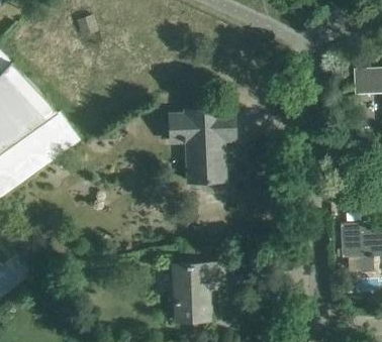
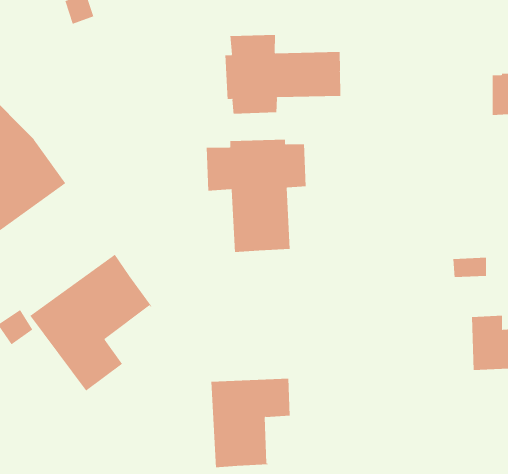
building: none -> [225,34,341,114]
building: none -> [29,254,152,392]

